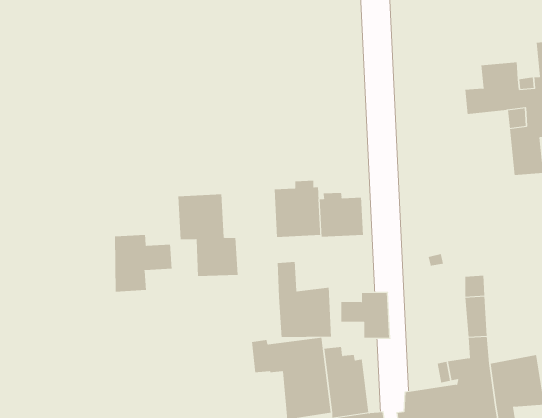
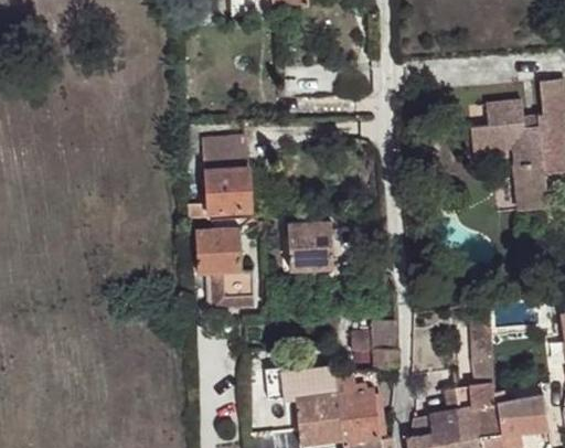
building: none -> [188,137,250,217]
building: [319,192,363,237] -> none
building: [115,234,172,292] -> none
building: [277,261,332,338] -> none

